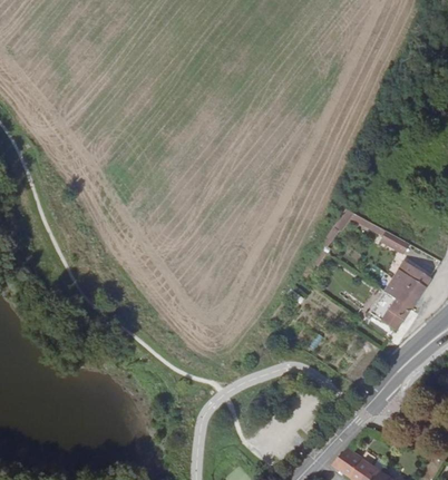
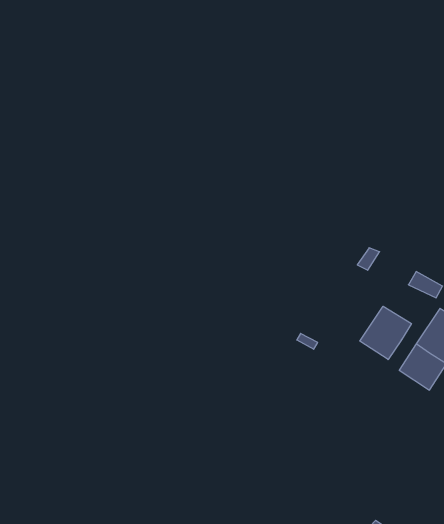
building: none -> [360,306,411,360]

